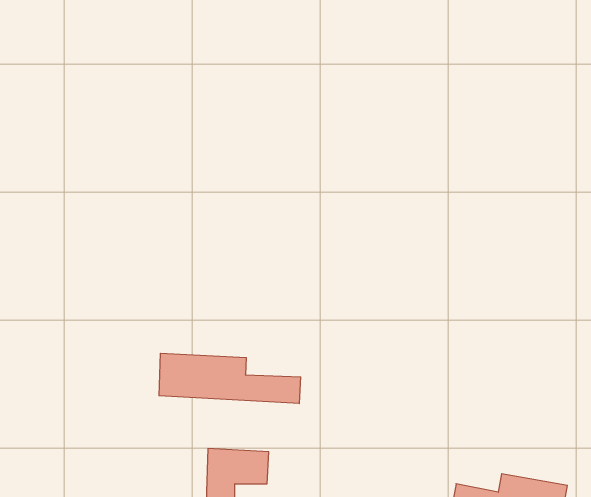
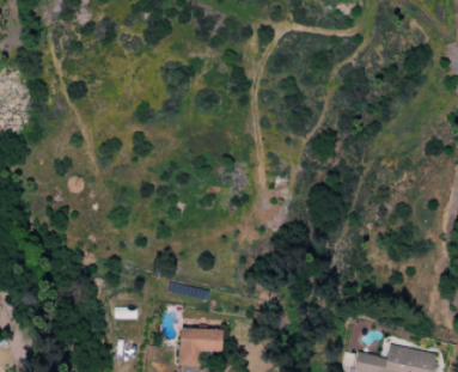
building: [159,353,301,404] -> none

